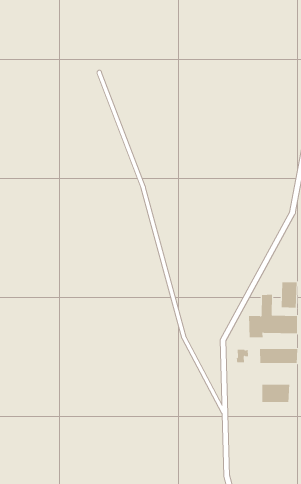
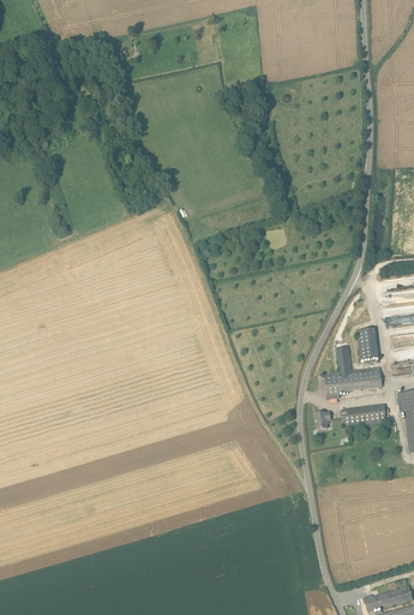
building: [262,384,290,403] -> none

